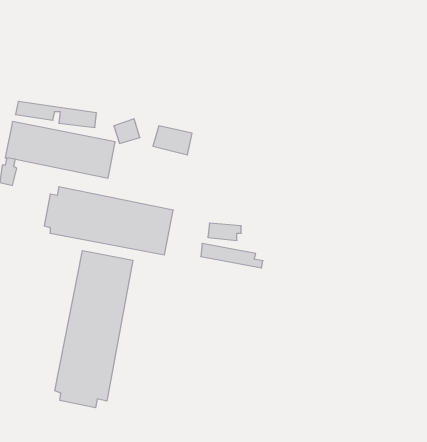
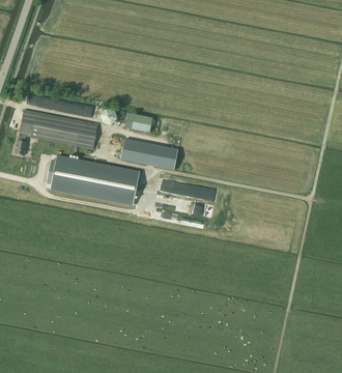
building: none -> [118,139,176,169]
building: [55,251,133,408] -> none

